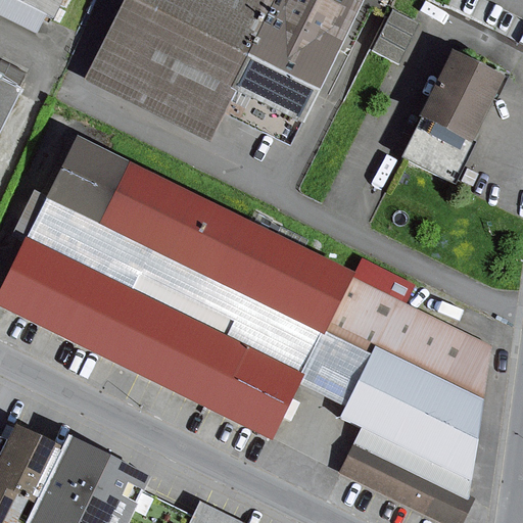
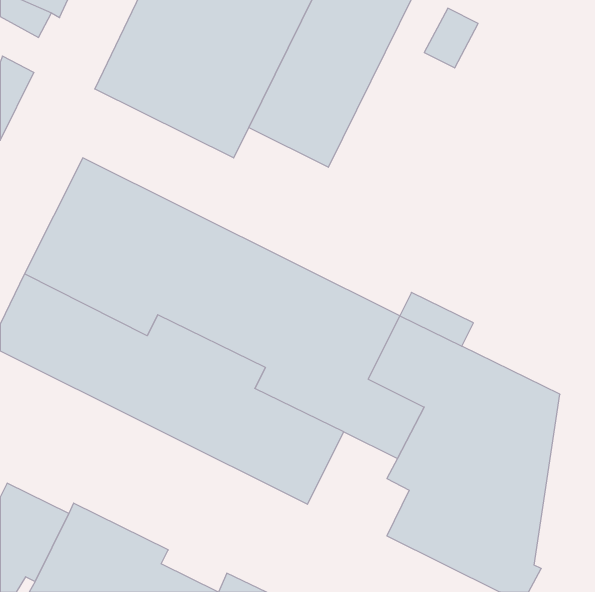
building: [402,51,504,181] -> none

